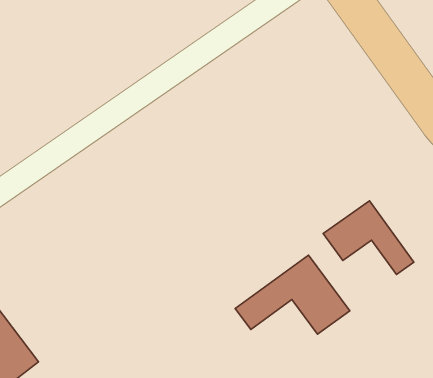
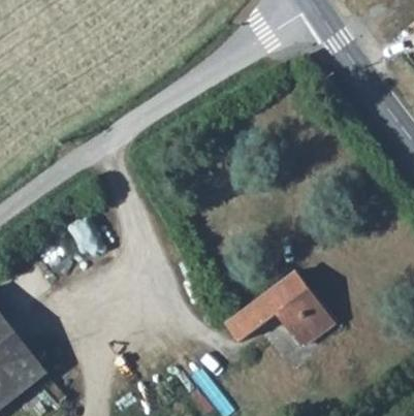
building: [323,201,414,275] -> none

